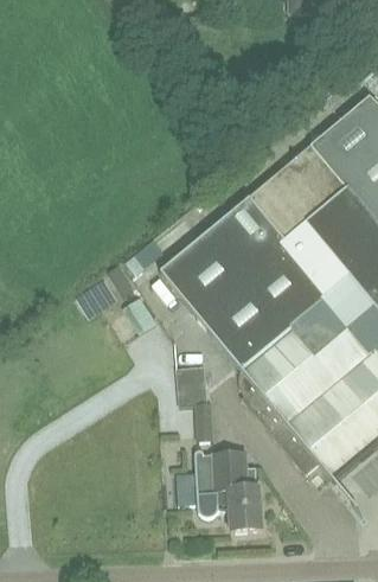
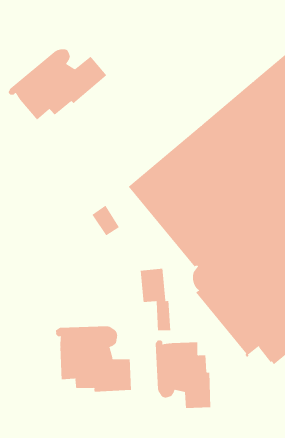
building: none -> [8,48,107,121]
building: none -> [55,326,131,392]

